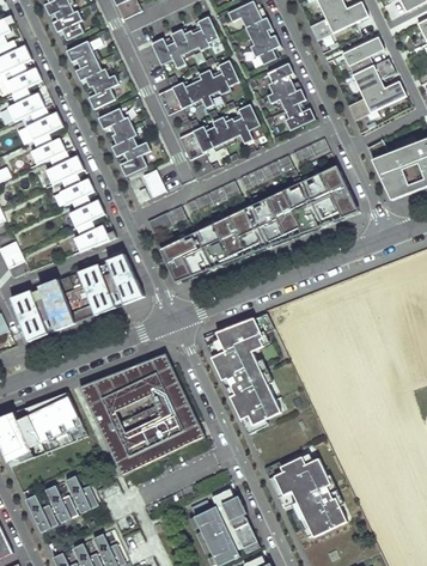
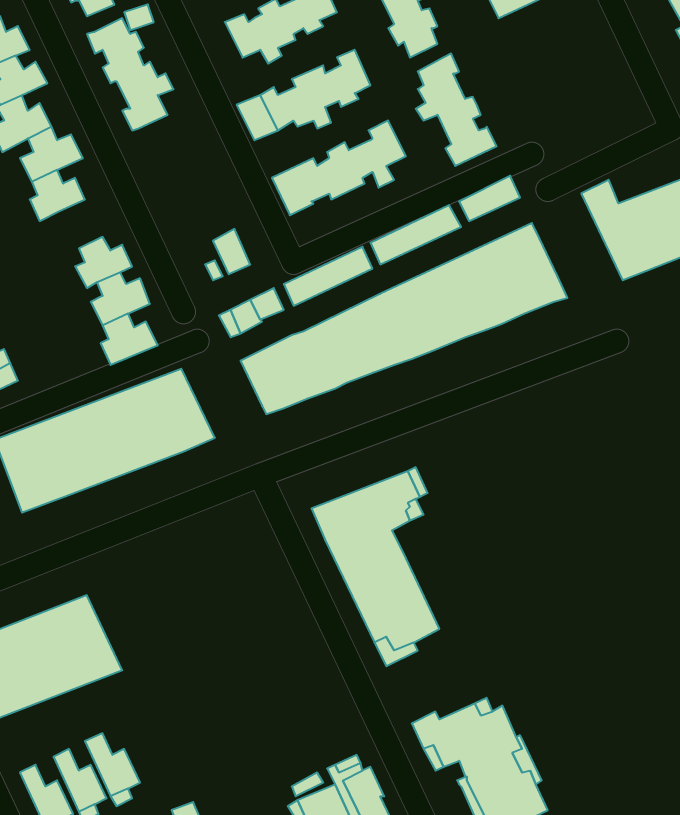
building: [342,37,405,121] -> none
building: [97,108,150,176] -> none
building: [45,151,84,184] -> none
building: [79,353,205,477] -> none

